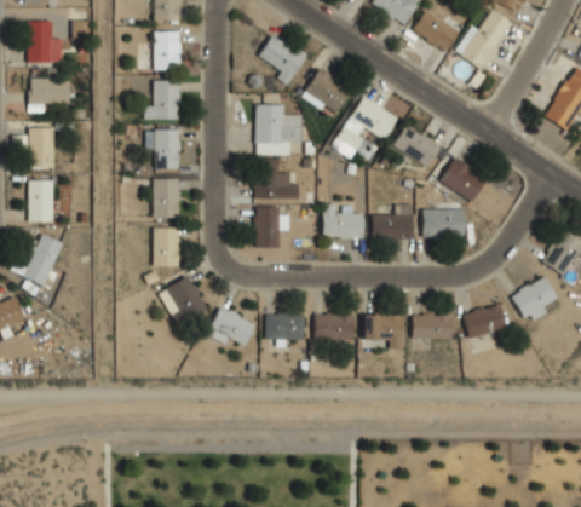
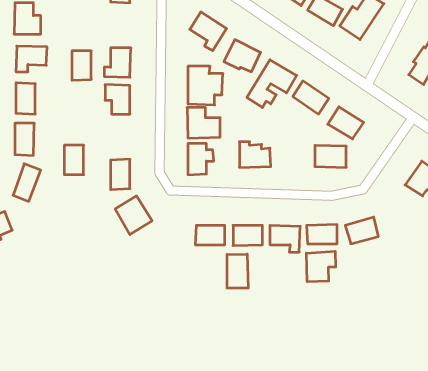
building: [155,30,180,69] -> [72,51,91,80]
building: [154,178,179,217] -> [64,145,84,175]
building: [372,203,413,238] -> none
building: [513,276,557,322] -> none
building: [207,306,255,345] -> none
building: none -> [306,251,336,282]
building: none -> [227,254,248,288]

